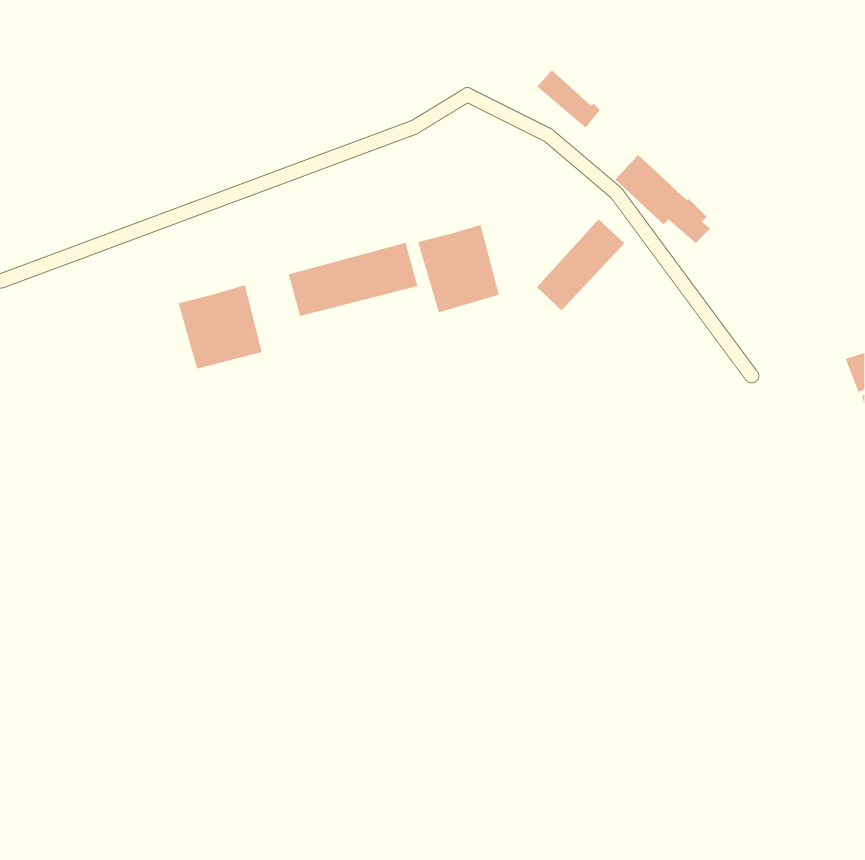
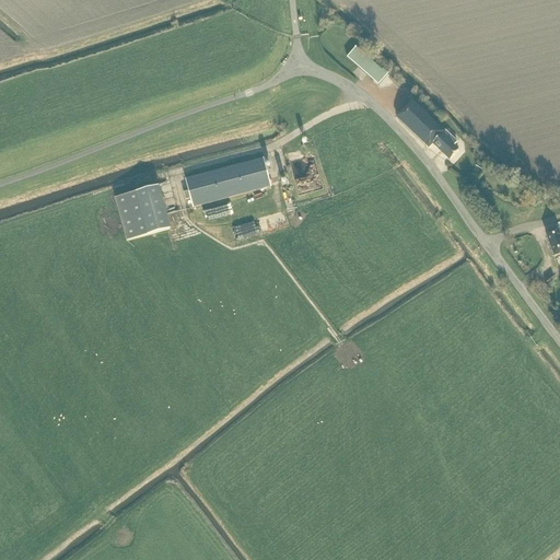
building: [536,218,625,311] -> none
building: [417,224,500,313] -> none

